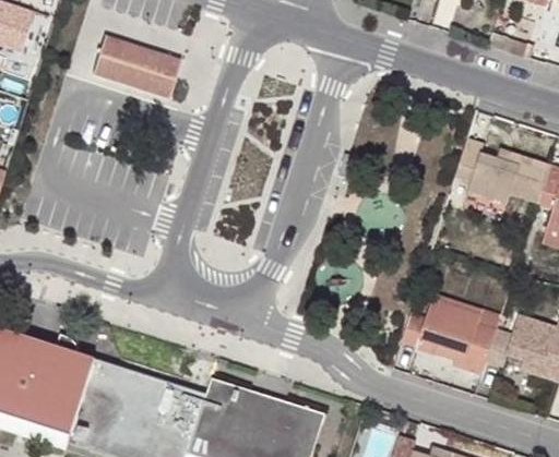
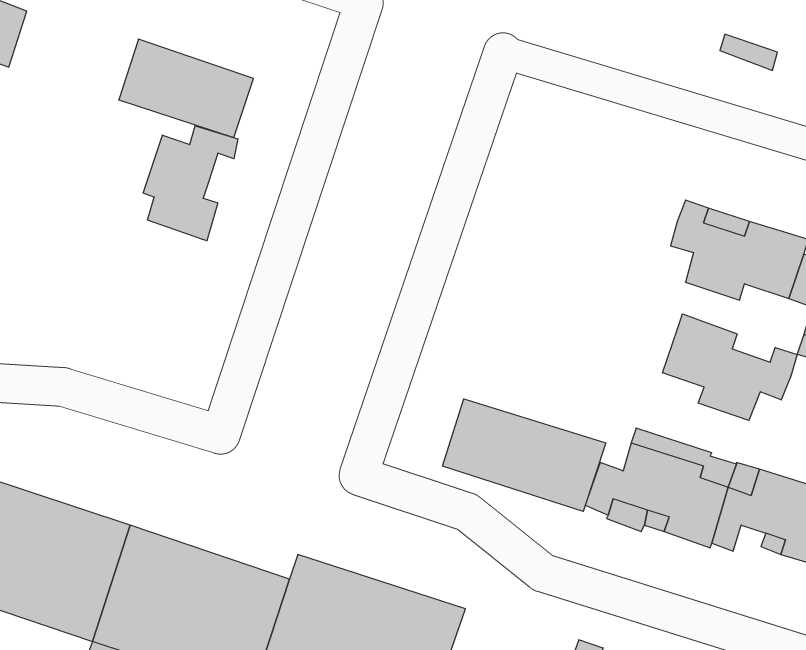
building: none -> [143,126,238,241]
building: none -> [662,314,797,420]
building: none -> [442,399,606,511]

